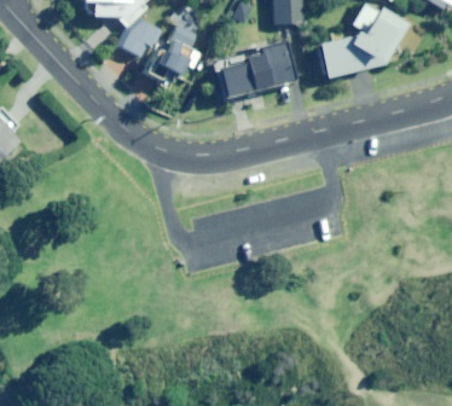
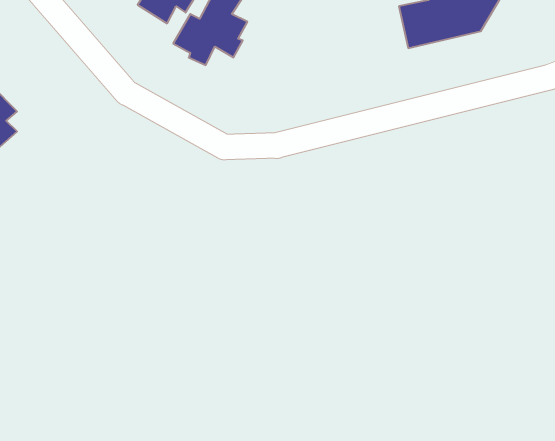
building: [213,47,290,102] -> none

